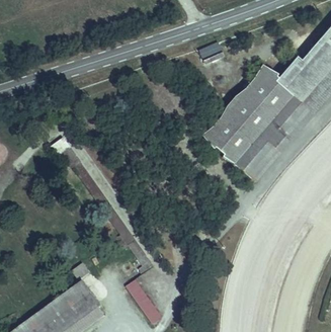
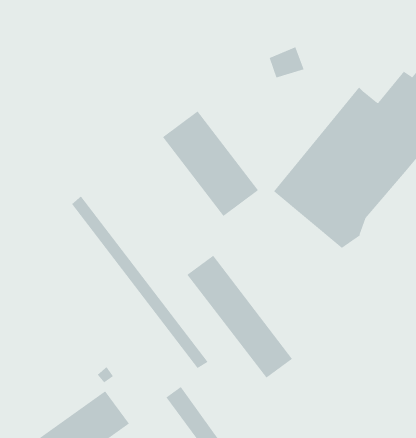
building: none -> [162,110,259,217]
building: none -> [187,255,293,379]

